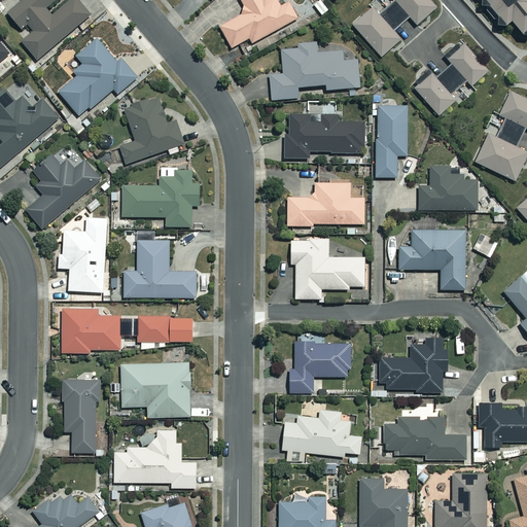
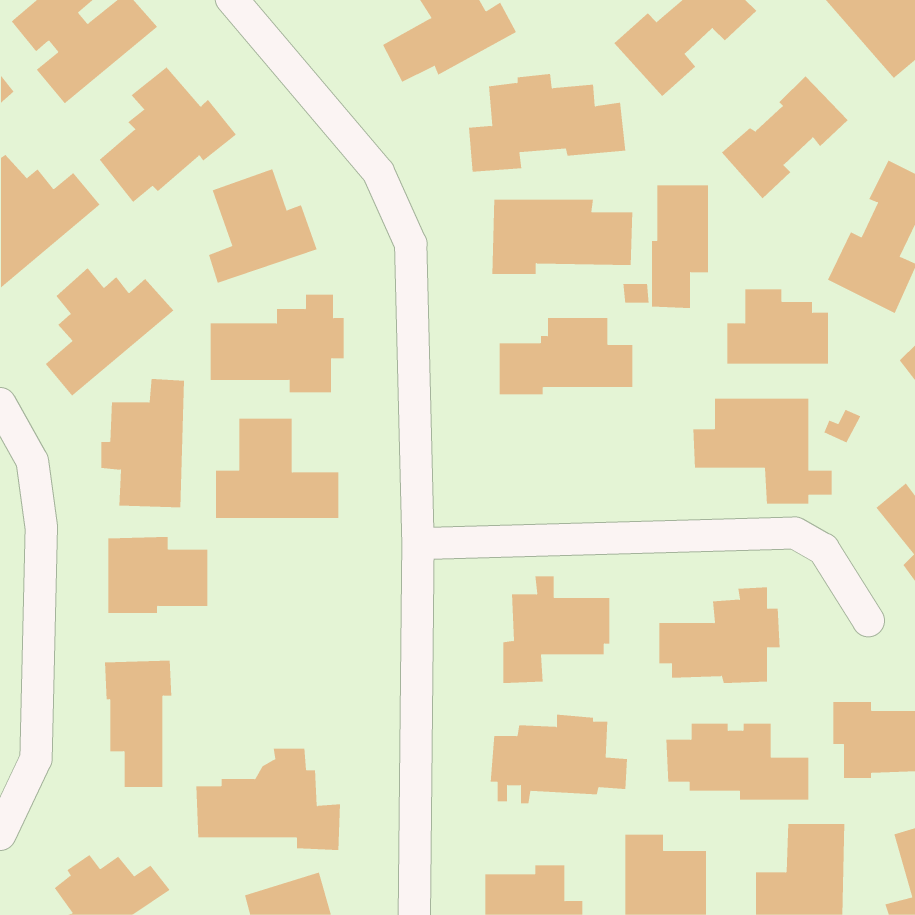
building: [290,236,364,298] -> none
building: [138,314,191,348] -> none
building: [121,362,192,417] -> none

